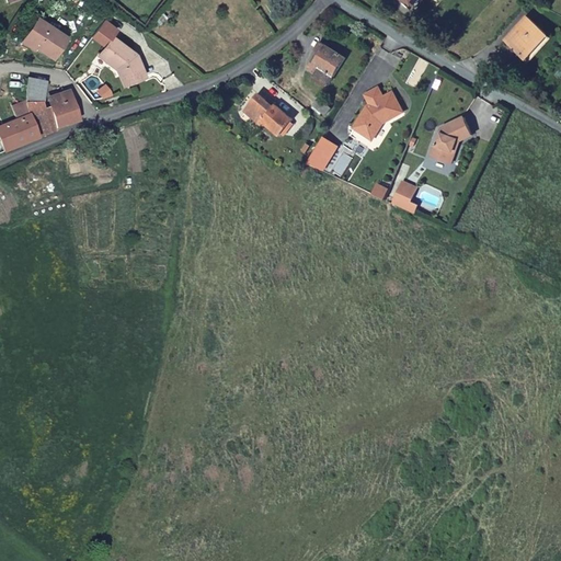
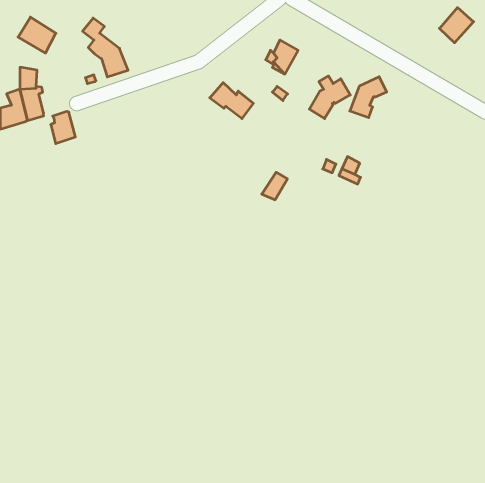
building: [45,93,73,130] -> [51,111,75,144]
building: [430,115,472,162] -> [350,77,387,118]
building: [305,139,334,171] -> [262,172,287,200]

